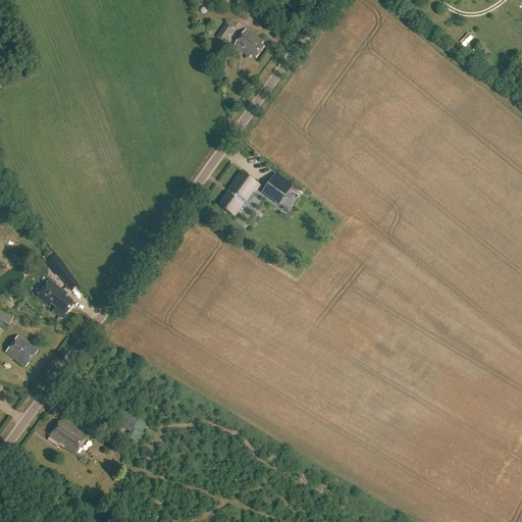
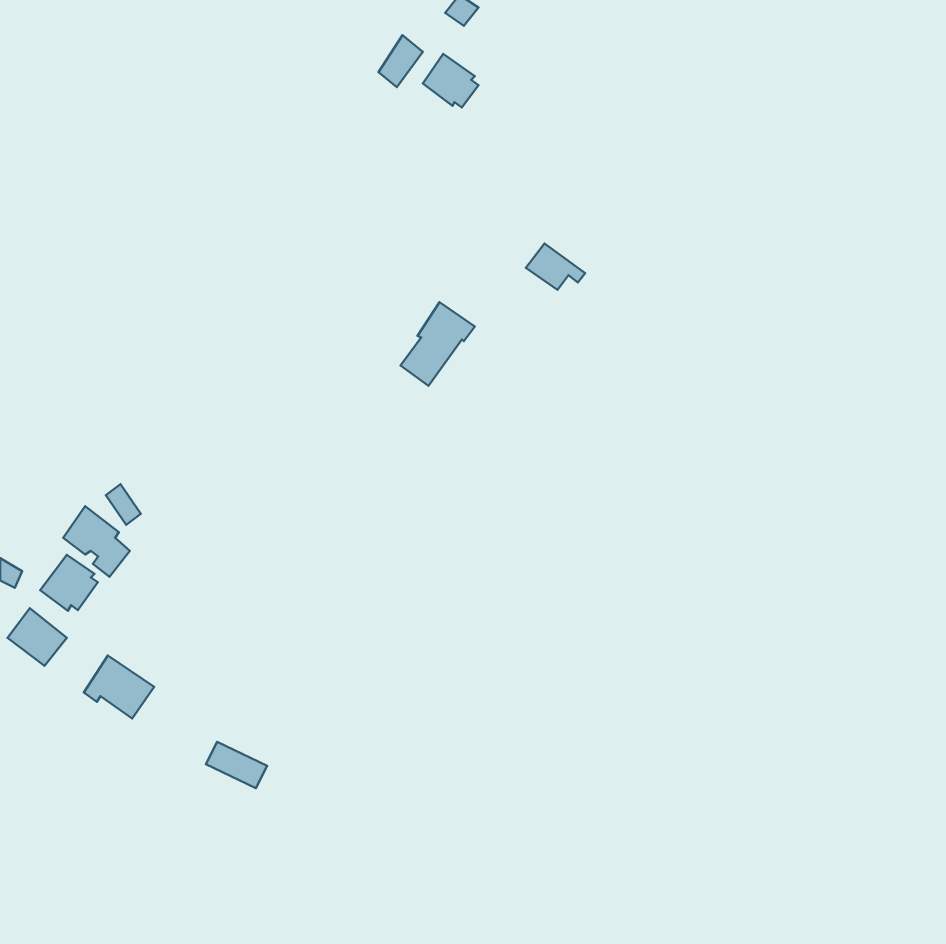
building: [264,176,297,202] -> [526,244,585,290]
building: none -> [40,555,98,611]
building: [48,417,87,452] -> [84,655,154,719]

